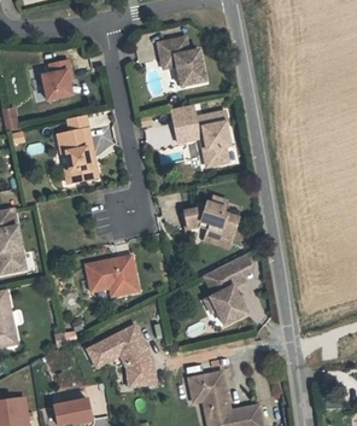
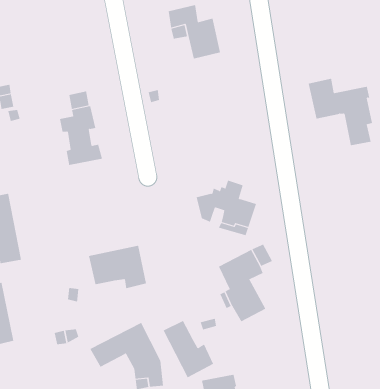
building: [42,59,71,99] -> none
building: [171,104,230,165] -> [308,78,373,146]
building: none -> [163,320,214,378]

